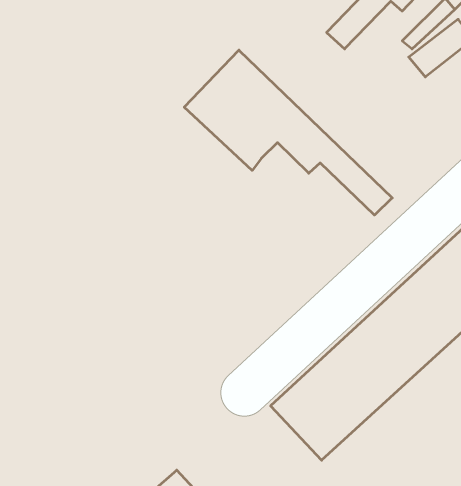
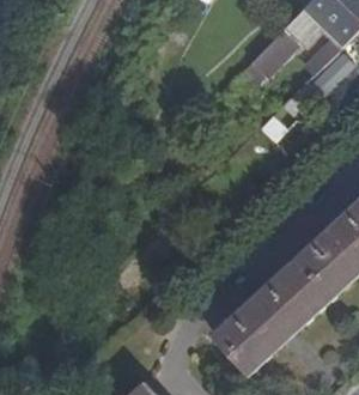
building: [184,50,392,215] -> none

